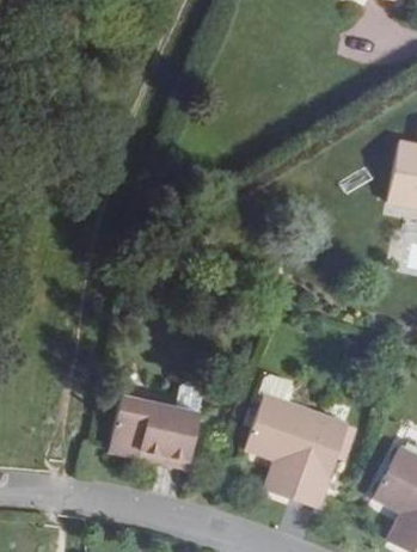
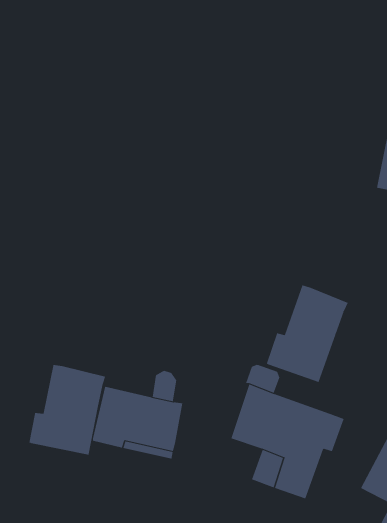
building: none -> [266,285,348,383]
building: none -> [29,364,106,455]

